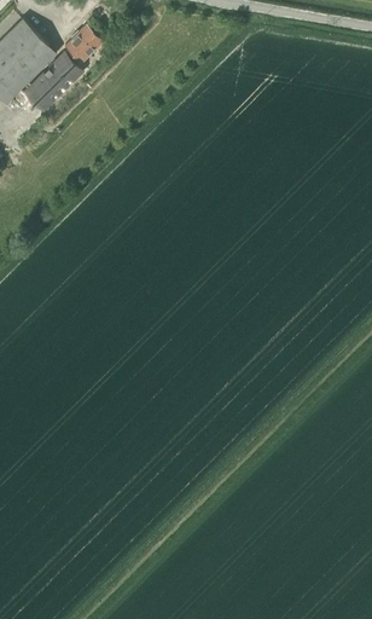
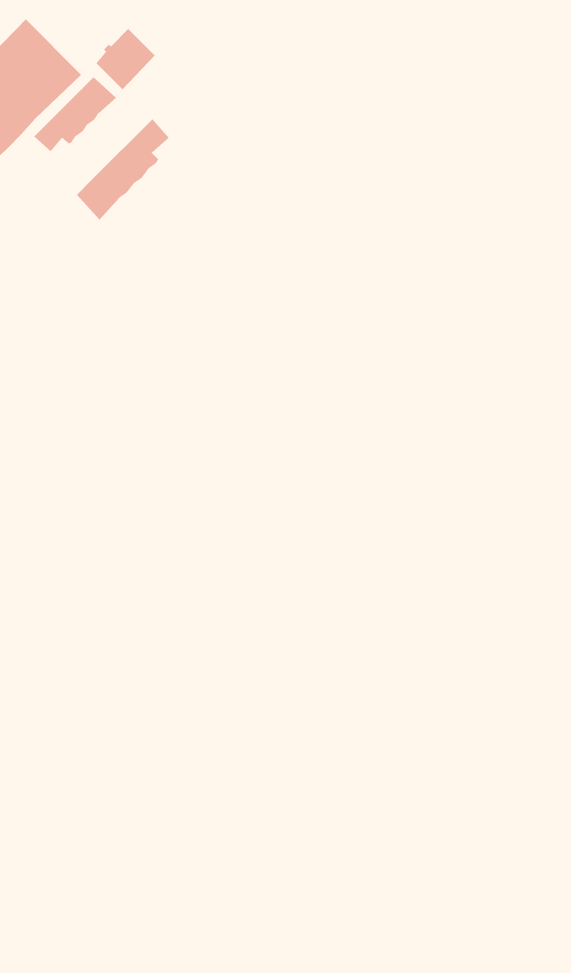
building: none -> [76,118,169,221]

